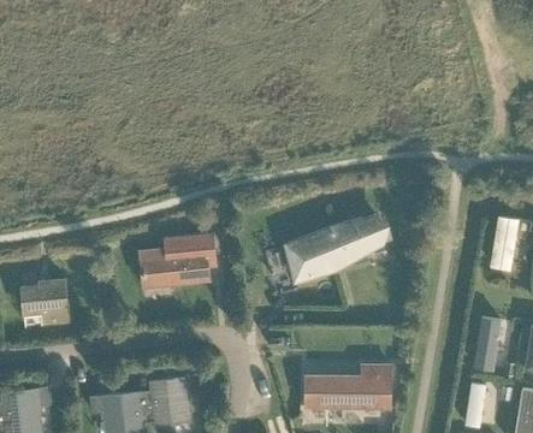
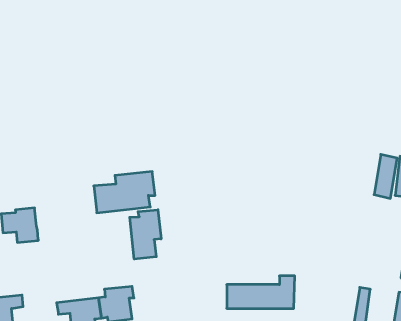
building: [286,214,383,280] -> none
building: none -> [130,210,161,259]
building: [474,315,502,369] -> none

